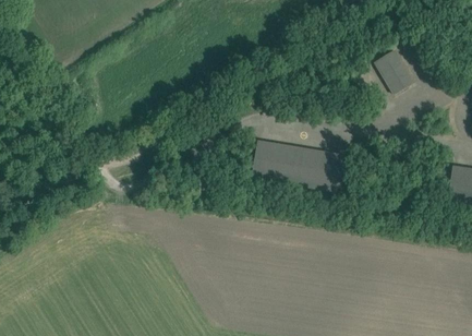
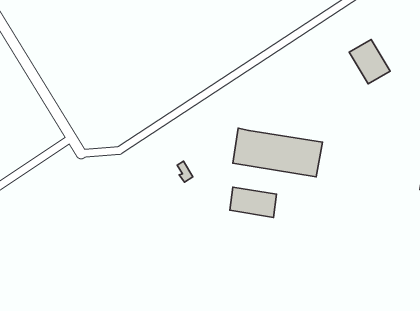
building: none -> [230,187,277,217]

